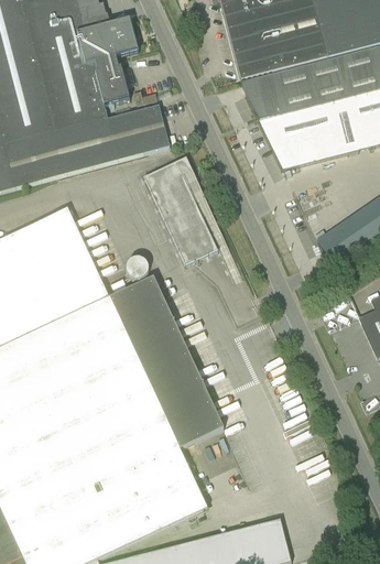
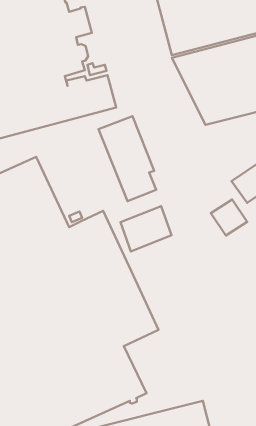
building: none -> [211,199,247,235]
building: none -> [120,206,172,251]

